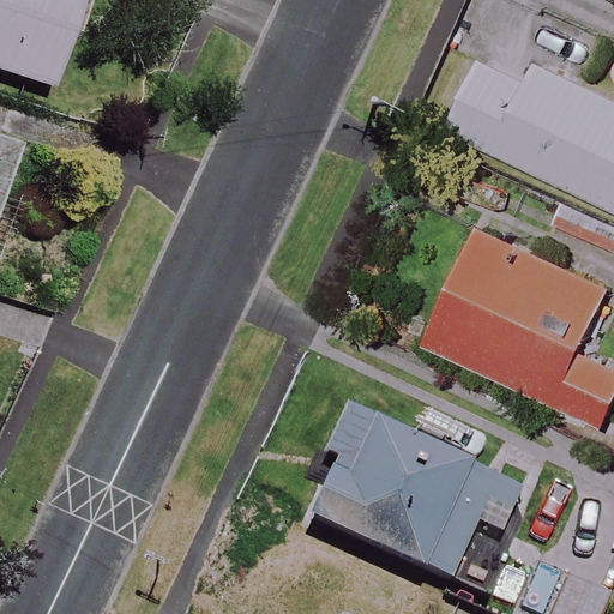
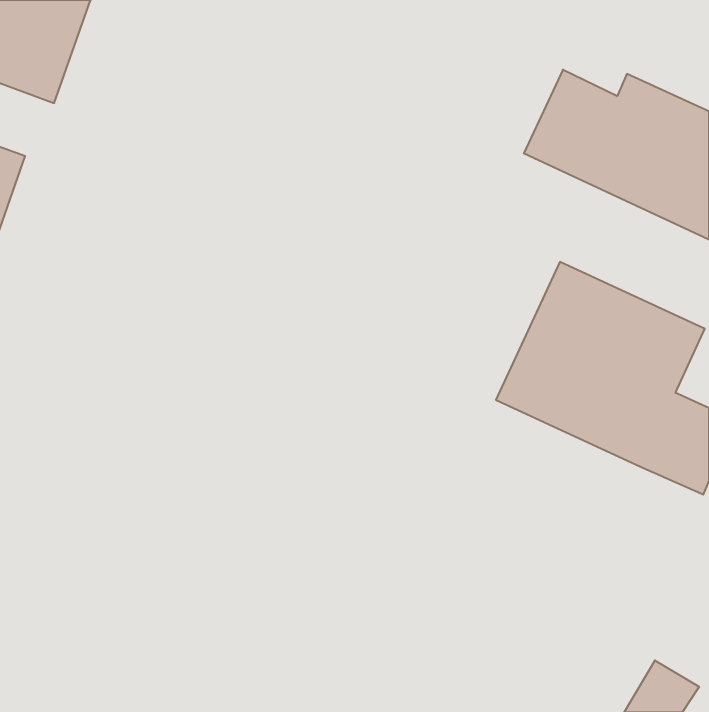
building: [302,415,524,586] -> none

